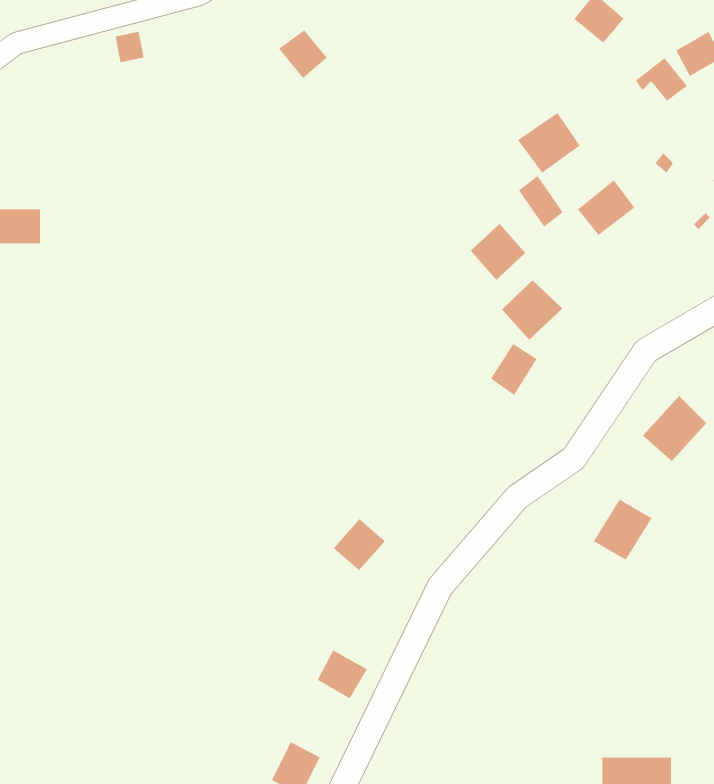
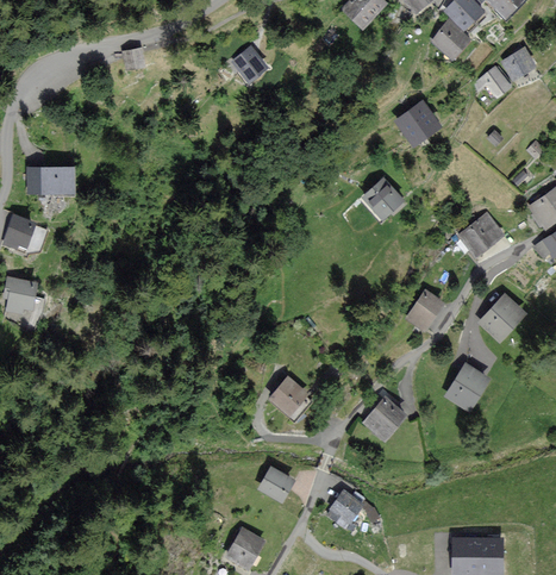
building: [518,175,564,228] -> none
building: [577,179,635,236] -> [462,215,501,254]
building: [501,279,563,340] -> none
building: [490,343,537,396] -> [410,293,442,329]
building: none -> [363,398,402,439]
building: none -> [329,493,361,526]

